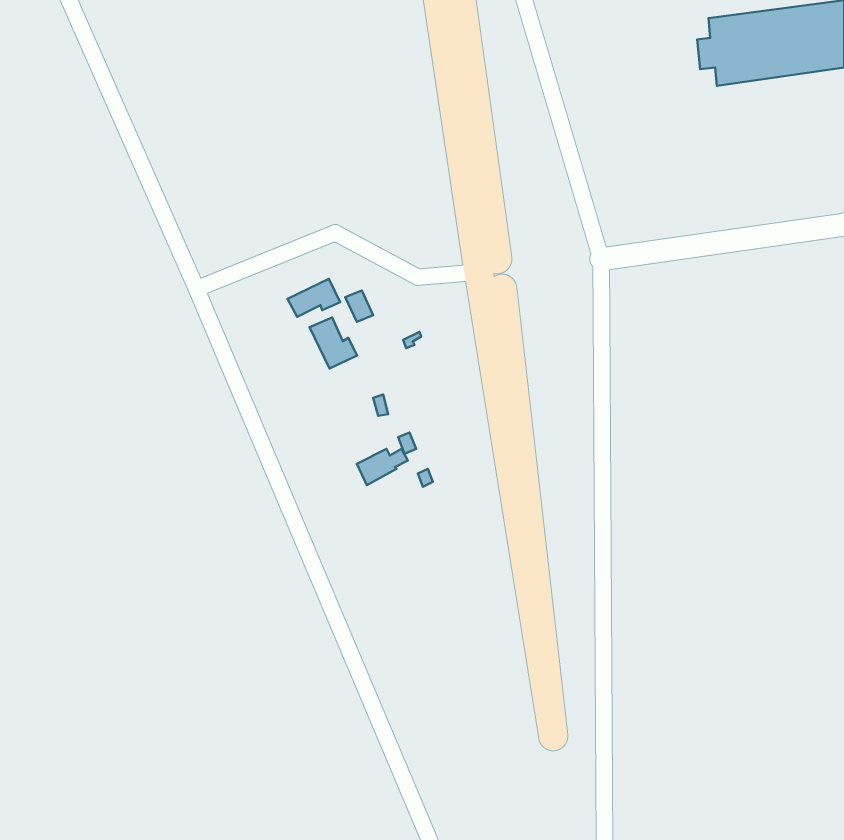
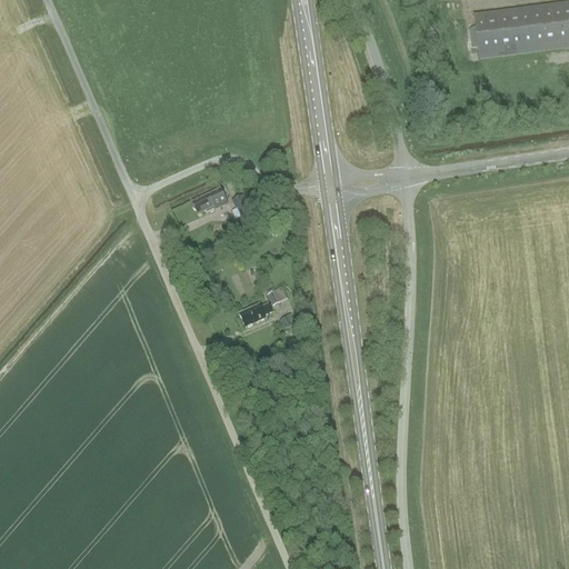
building: [310,318,357,368] -> none

